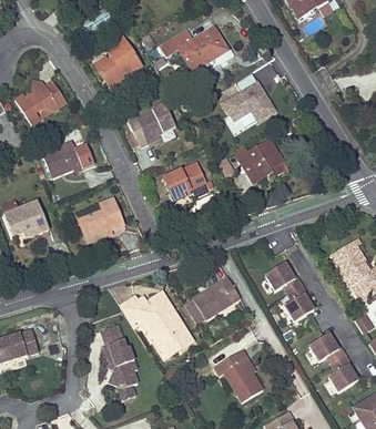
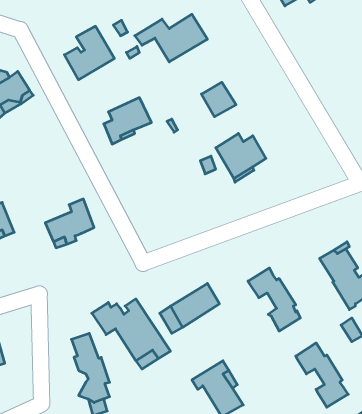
building: [235,70,276,121] -> none
building: [41,141,93,176] -> none
building: [162,163,205,201] -> none

